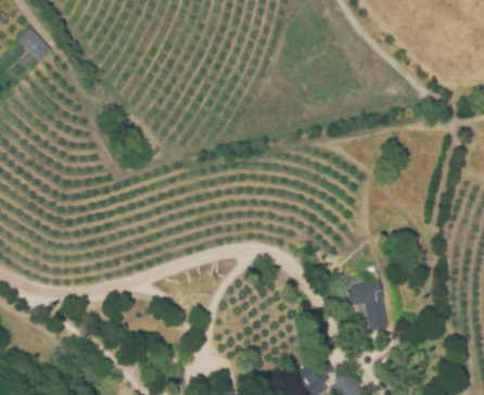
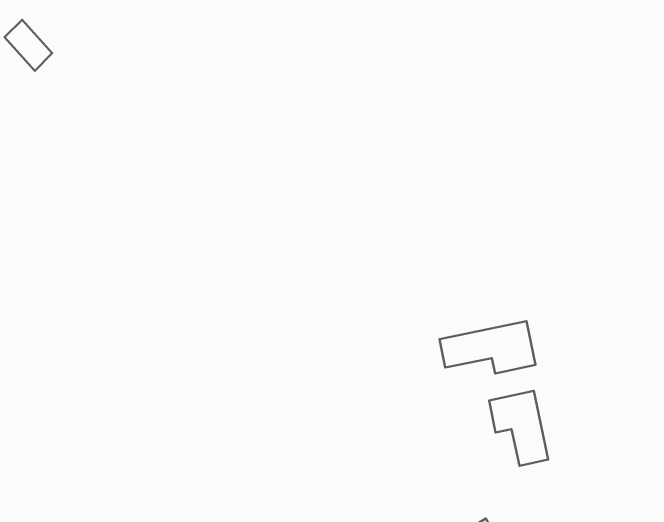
building: none -> [440,321,535,374]

